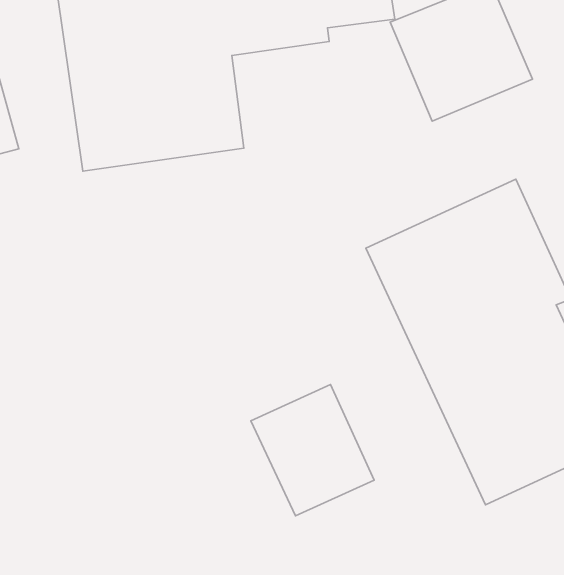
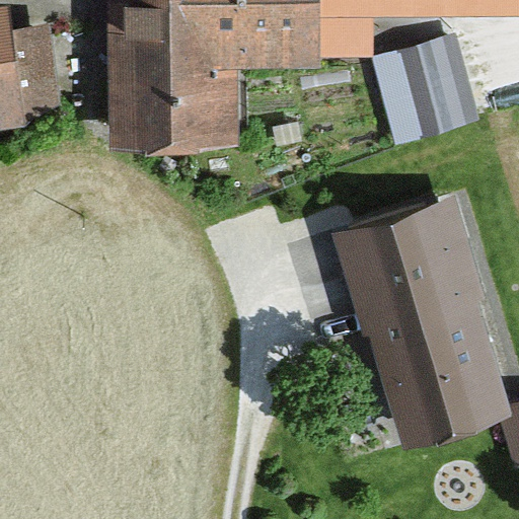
building: [251,384,374,516] -> none

